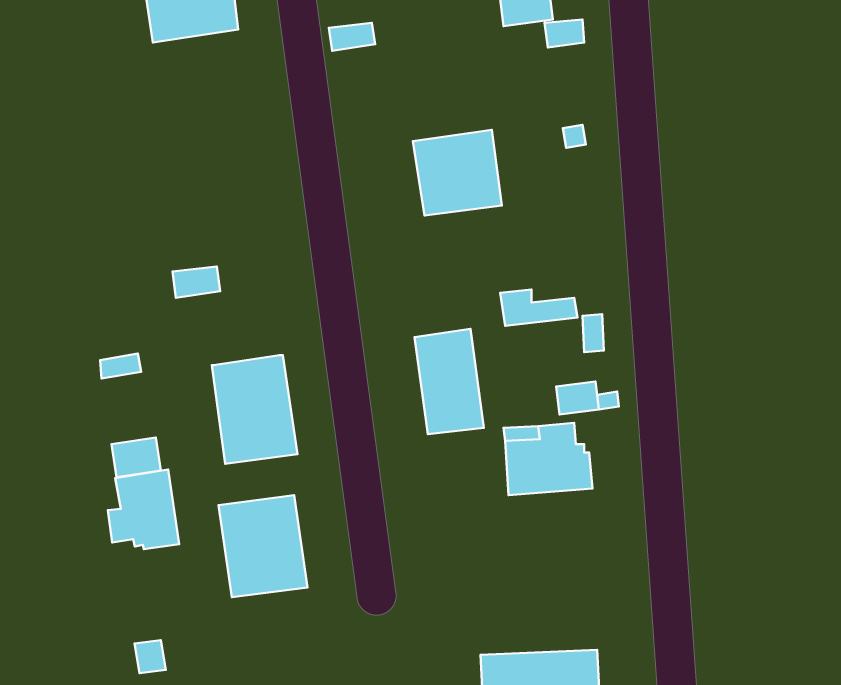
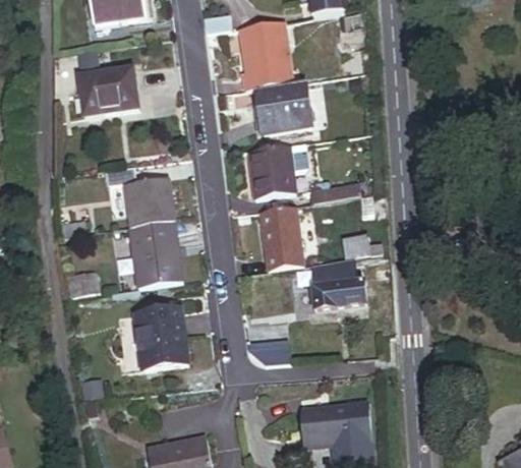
building: none -> [239,21,290,90]
building: none -> [79,66,140,113]
building: none -> [246,142,309,198]
building: none -> [127,180,173,227]
building: [108,469,179,549] -> none

